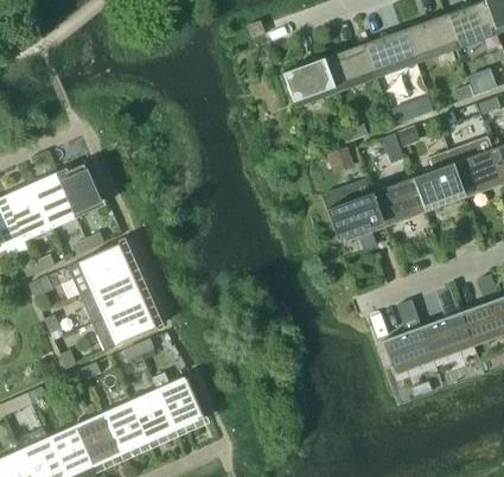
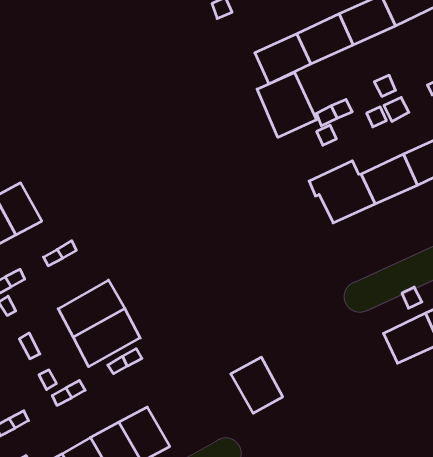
building: none -> [257,73,317,137]
building: [58,165,101,214] -> none
building: [70,244,132,295] -> none
building: [158,380,204,431] -> [231,357,283,413]

